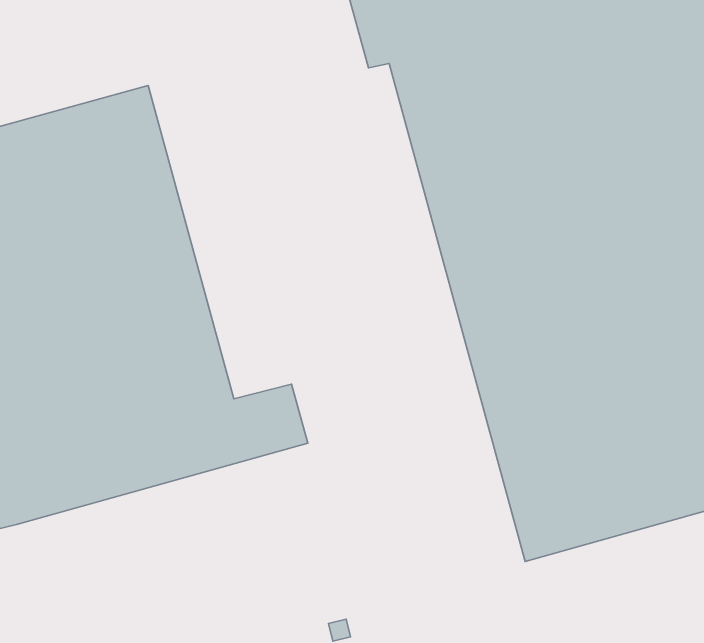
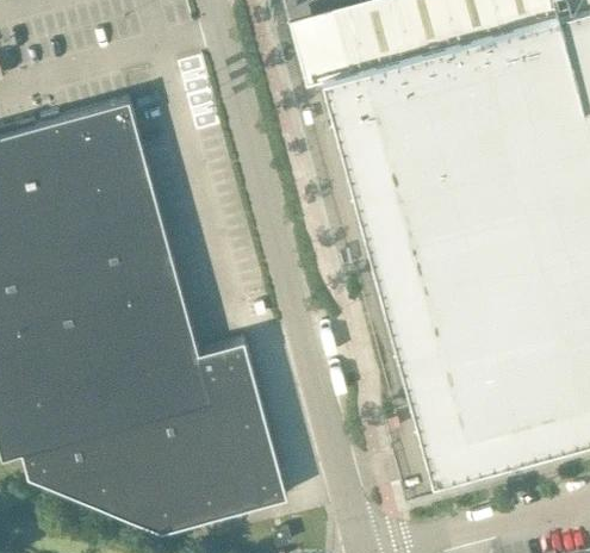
building: none -> [21,391,286,534]

